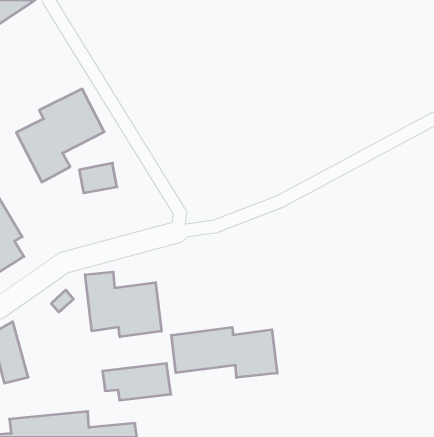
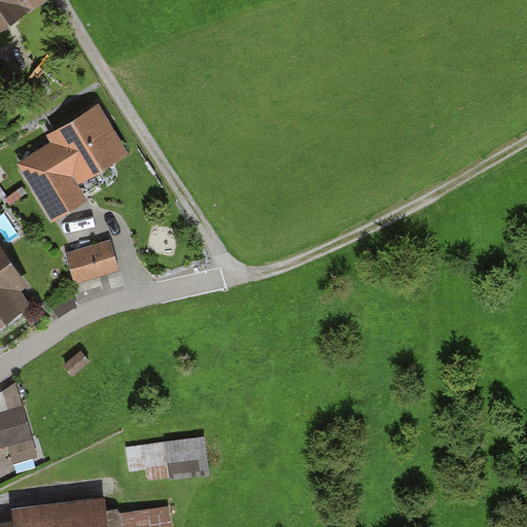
building: [79,163,117,193] -> [68,242,113,278]
building: [85,272,161,337] -> none
building: [171,327,277,378] -> none

